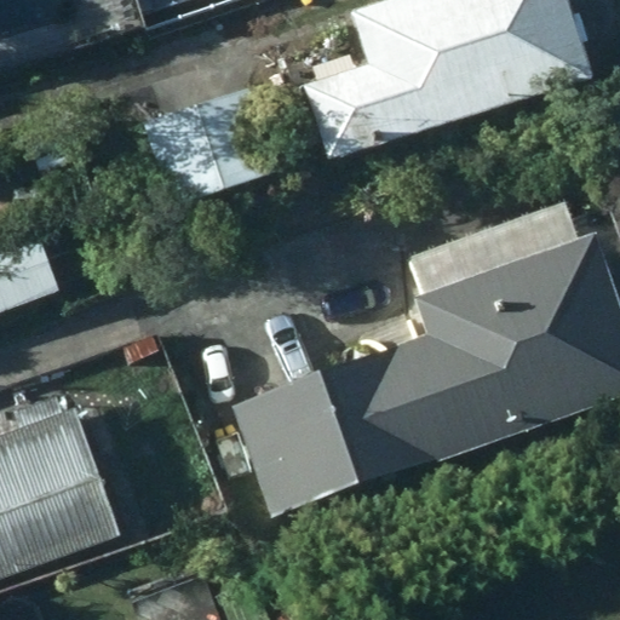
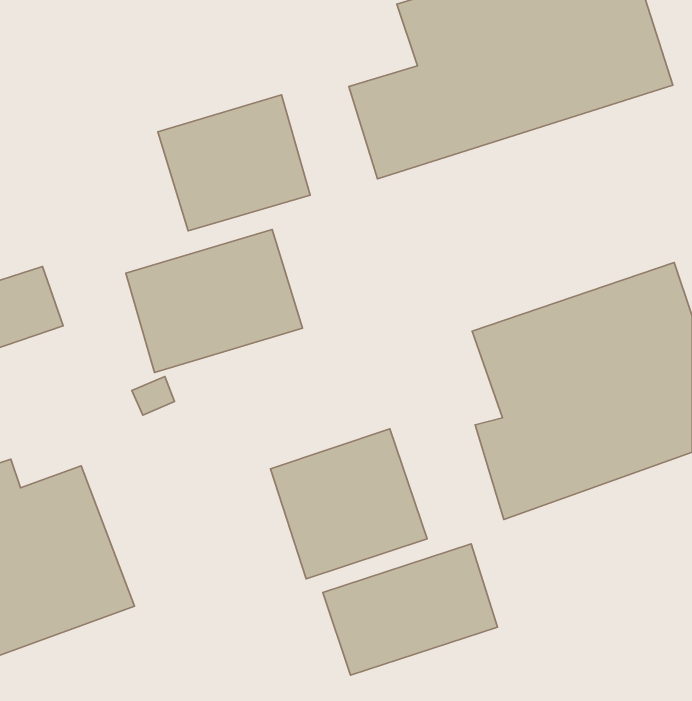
building: none -> [126,229,302,373]
building: none -> [323,544,497,675]

